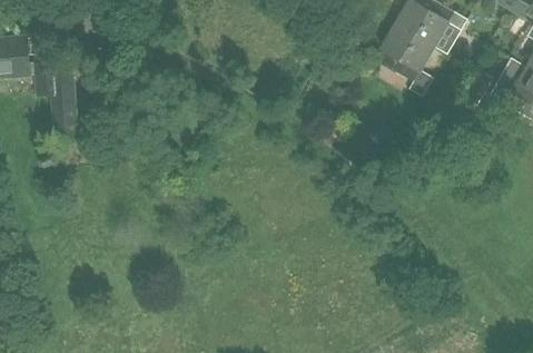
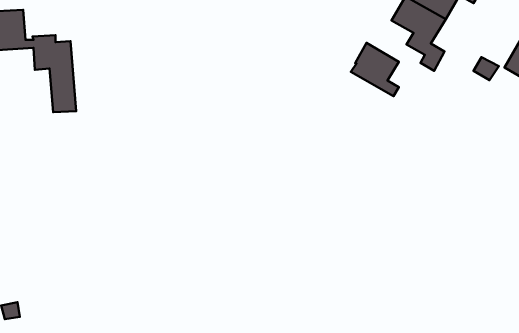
building: none -> [351,43,399,96]

